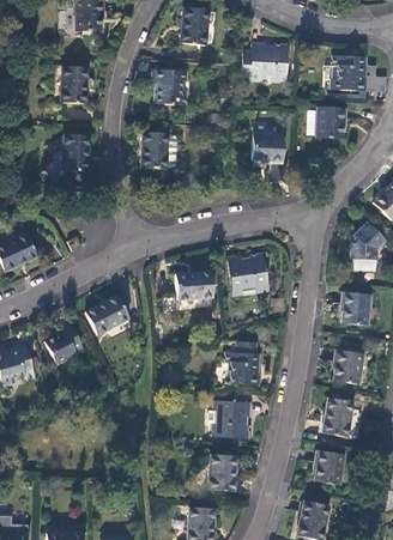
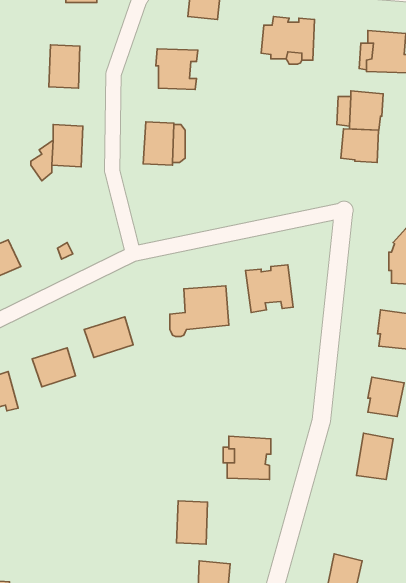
building: [252,132,284,160] -> [341,129,379,163]
building: [225,340,261,386] -> none
building: [313,450,344,485] -> none
building: [210,454,236,491] -> [177,501,208,544]

